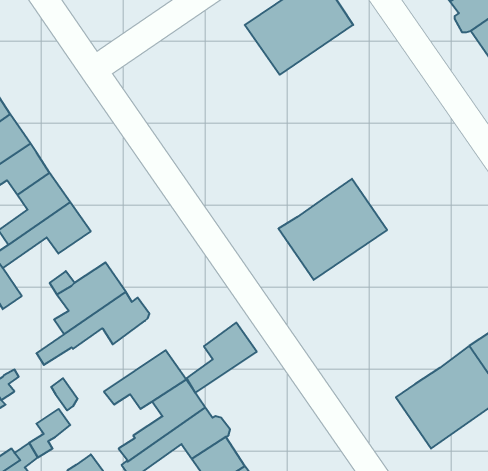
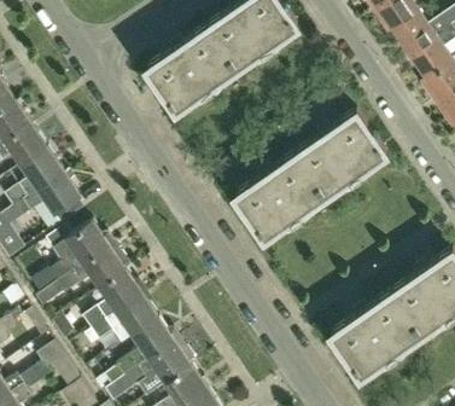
building: none -> [147,27,237,110]
building: none -> [296,111,385,196]
building: [186,323,257,393] -> [84,271,142,329]

